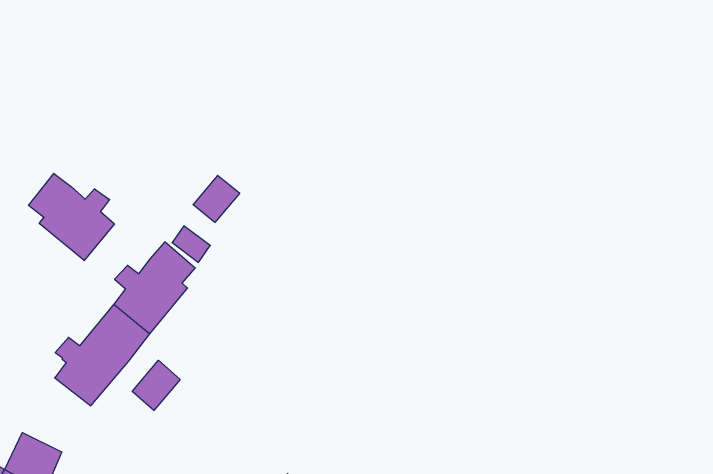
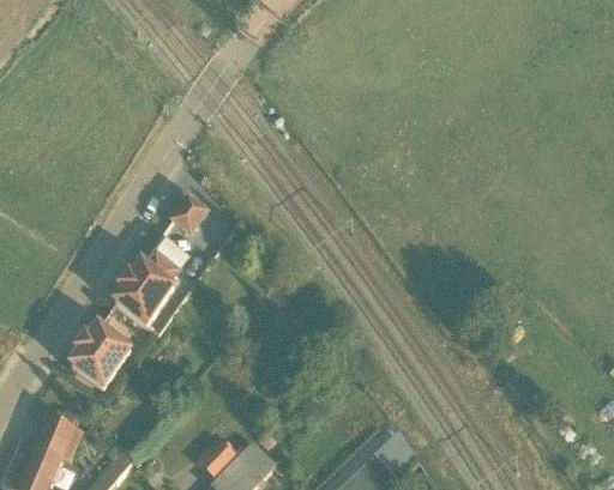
building: [29,173,114,261] -> none
building: [132,360,180,410] -> none

